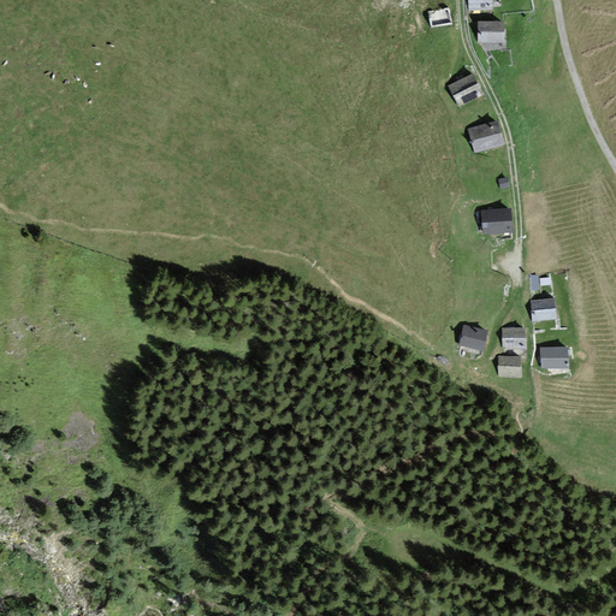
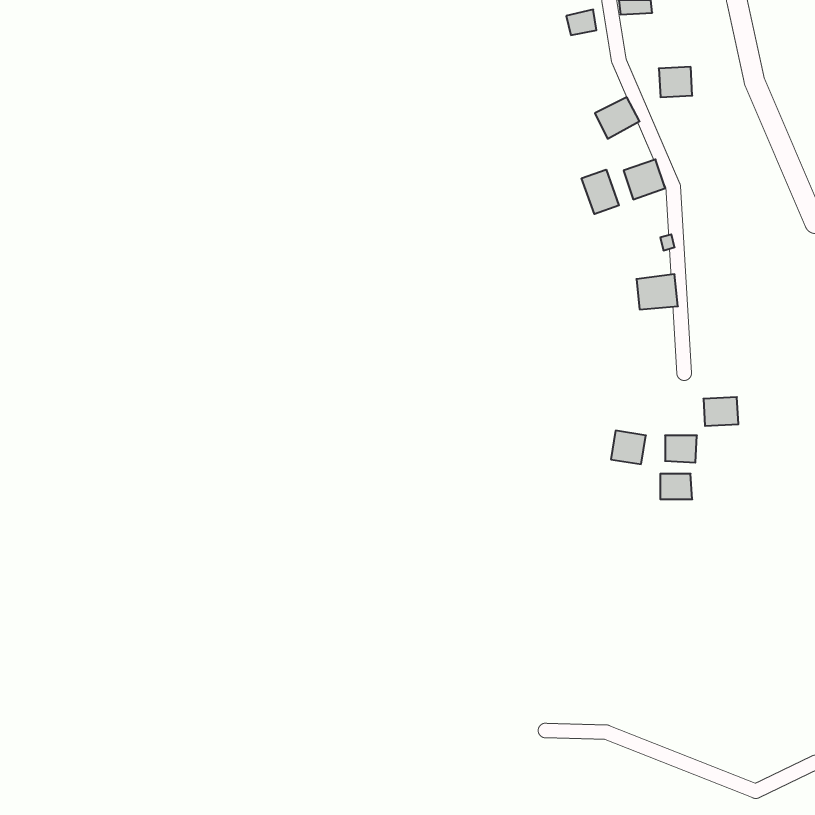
building: [478,19,503,42] -> [659,67,692,97]
building: none -> [582,170,619,214]
building: [539,345,567,371] -> none

